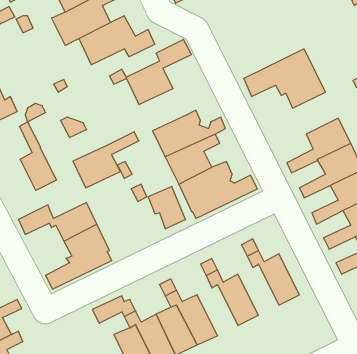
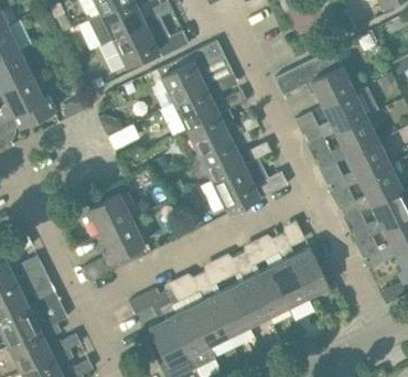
building: none -> [304,91,366,146]
building: [19,122,57,190] -> none
building: [73,132,139,187] -> [173,75,237,129]
building: none -> [269,258,309,308]
building: none -> [229,278,269,327]

